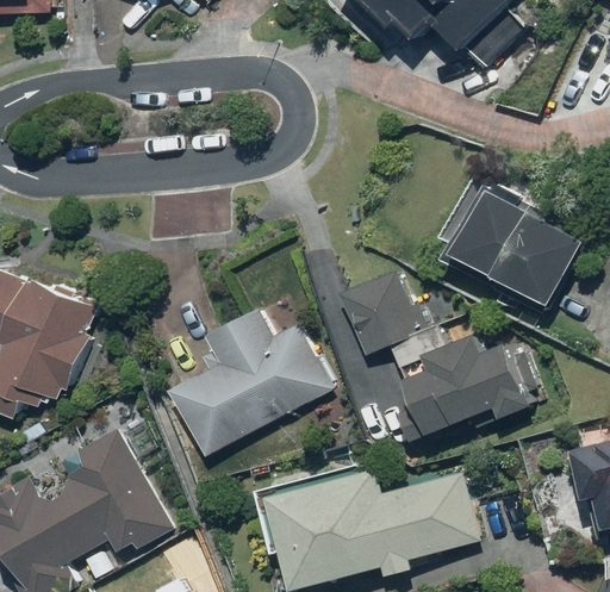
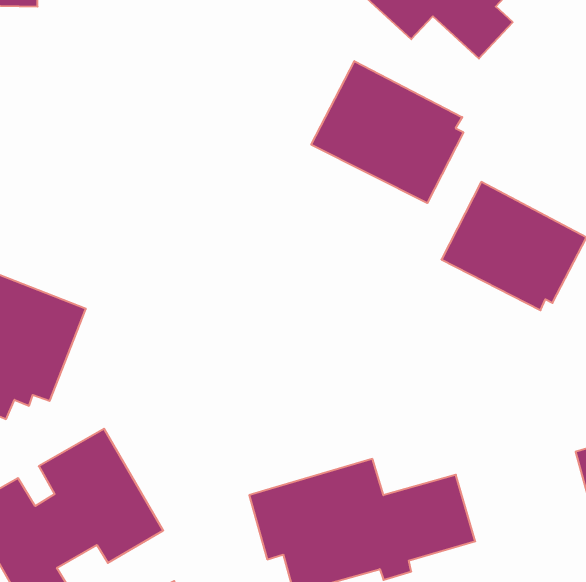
building: none -> [311,61,463,203]
building: [340,270,535,434] -> none
building: [172,310,330,455] -> none

